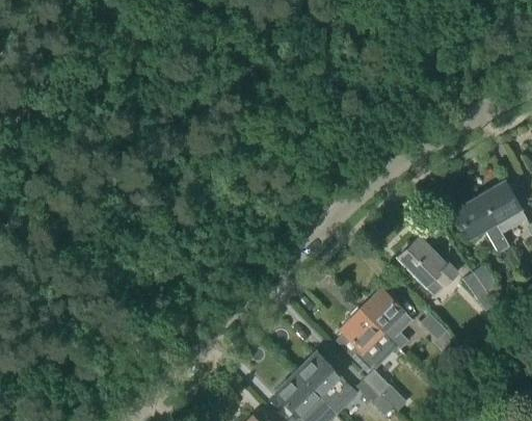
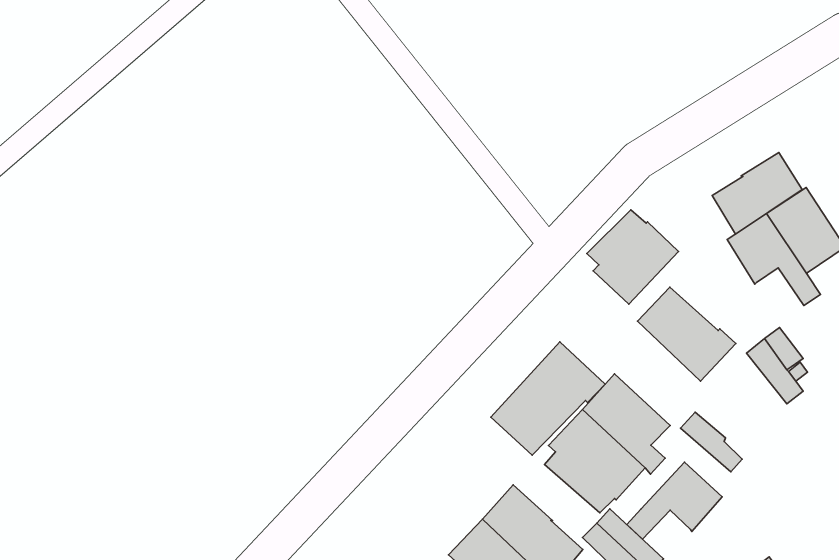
building: none -> [712,152,802,234]
building: none -> [587,210,678,304]
building: none -> [491,342,605,455]
building: none -> [627,462,722,539]

